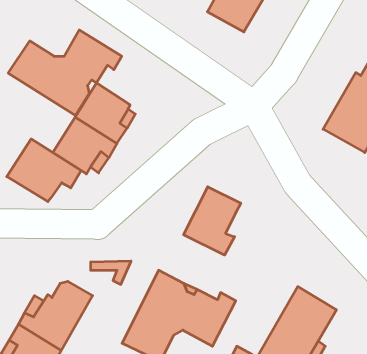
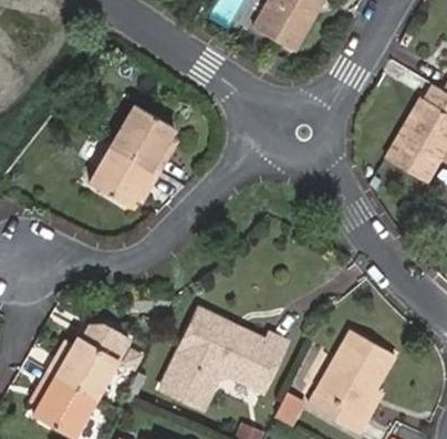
building: [8,30,122,116] -> none
building: [7,139,81,202] -> none
building: [184,187,241,255] -> none

